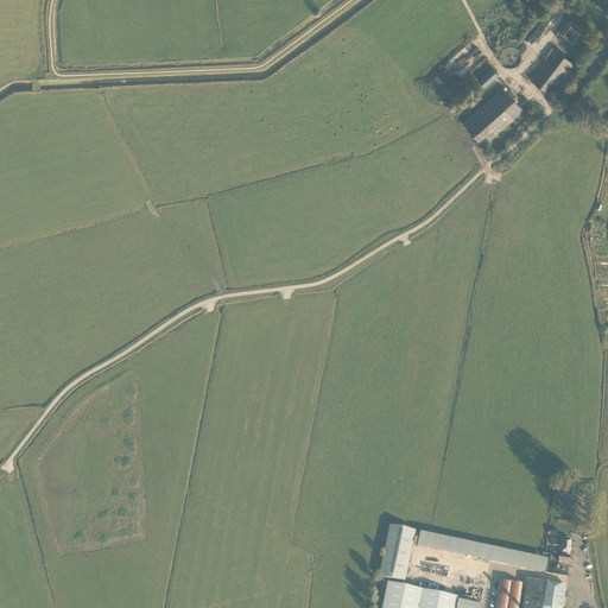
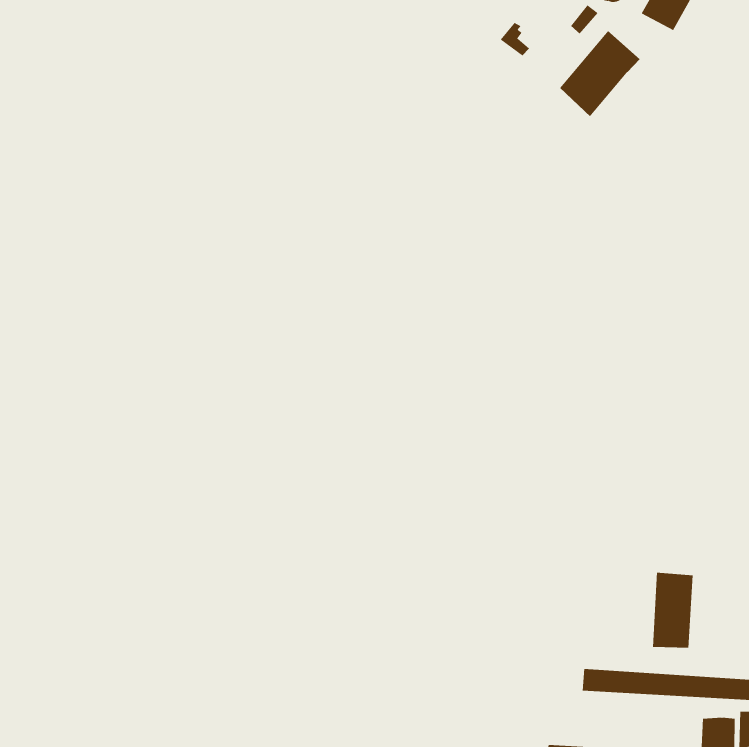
building: [379,524,416,581] -> [652,572,694,648]

